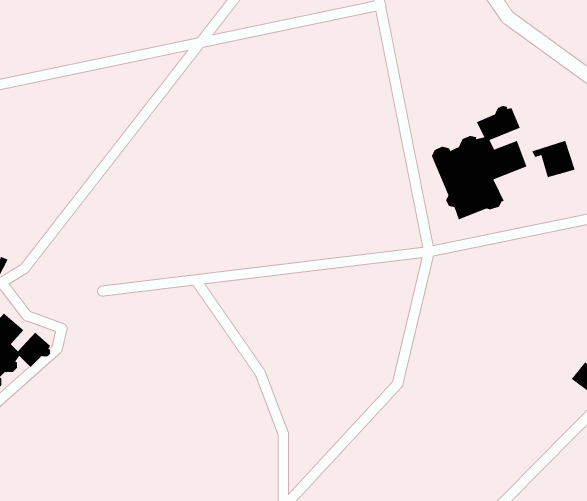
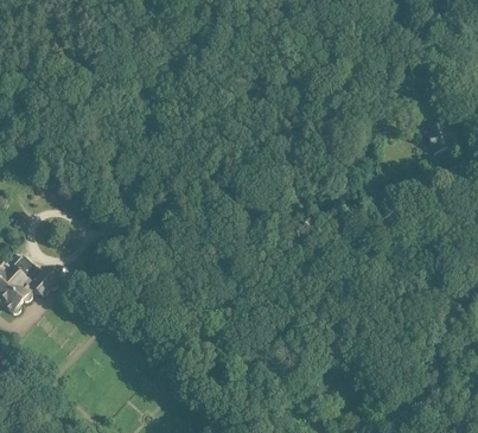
building: [431,105,527,220] -> none

